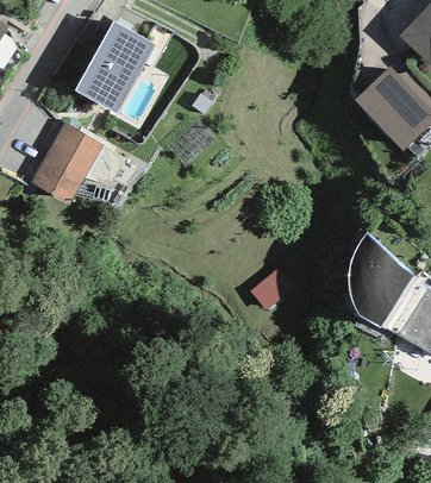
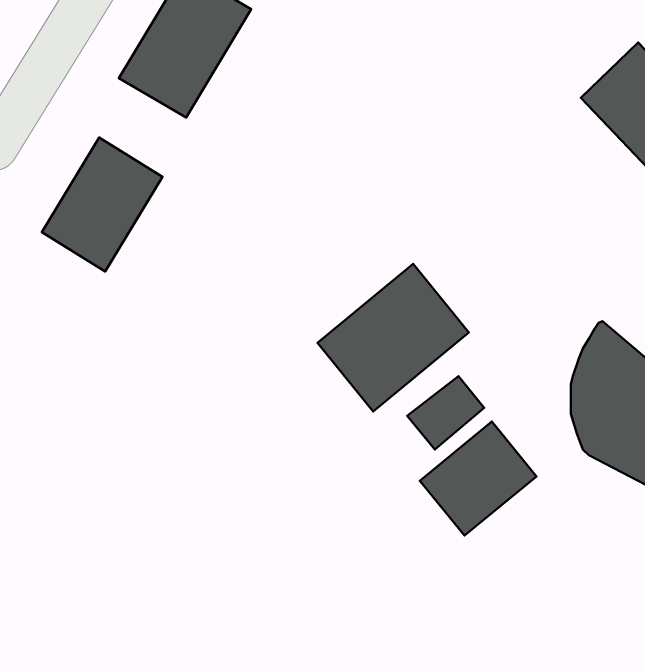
building: none -> [317,264,469,411]
building: none -> [420,421,537,536]

